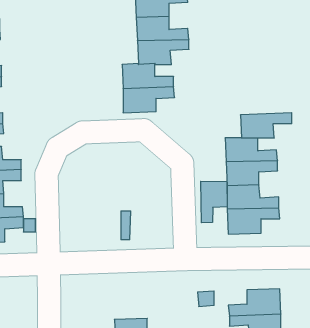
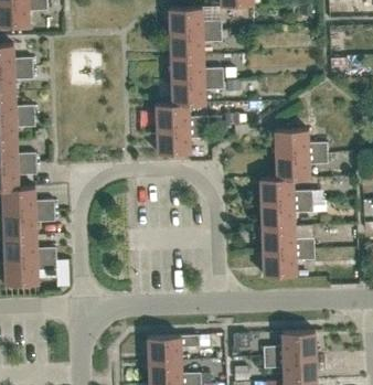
building: none -> [274,129,327,156]
building: [201,181,227,223] -> none
building: none -> [147,335,200,362]

